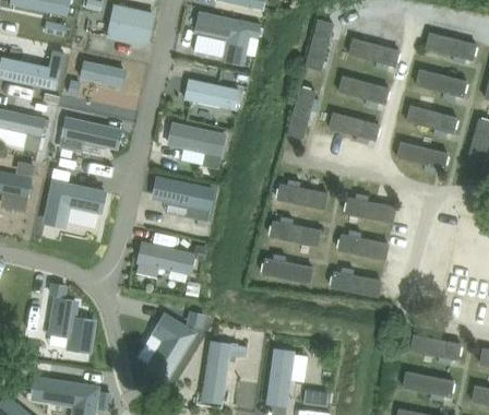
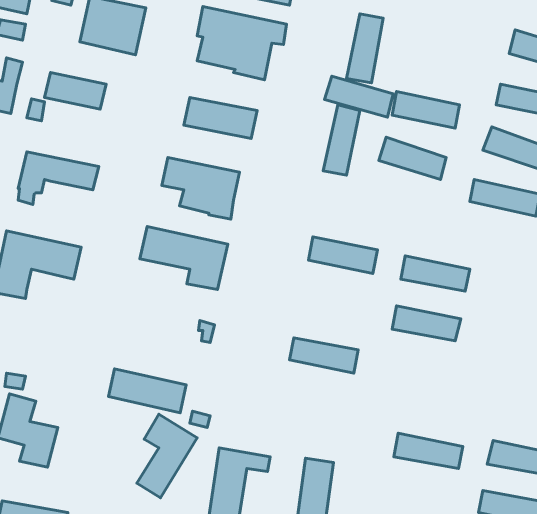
building: [348,36,399,67] -> [324,76,393,117]
building: [270,221,320,248] -> none
building: [136,244,194,276] -> [108,369,186,413]
building: [331,272,382,298] -> [394,433,463,469]

